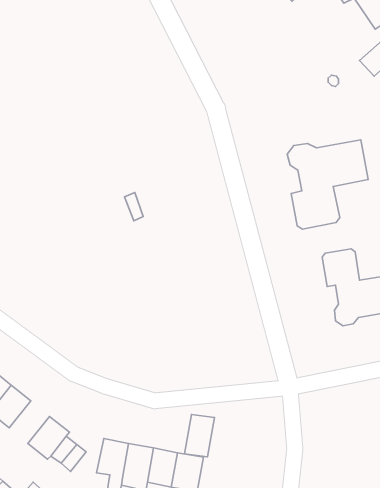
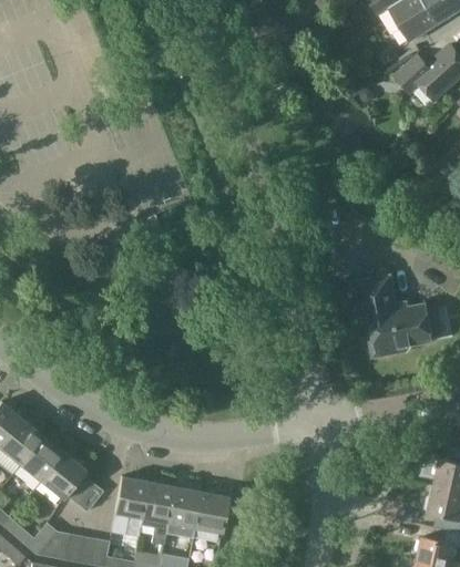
building: [287,140,368,229] -> none
building: none -> [21,436,64,482]
building: [184,414,215,457] -> none

